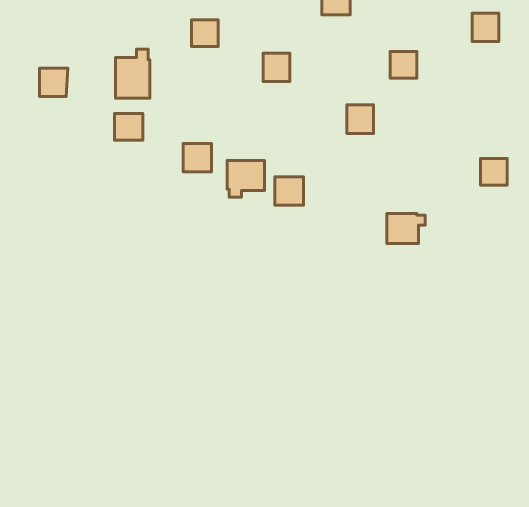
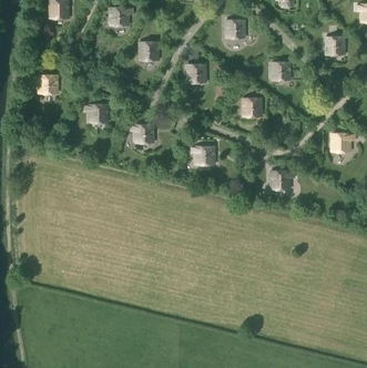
building: [115,49,150,98] -> none
building: [227,160,264,197] -> none

